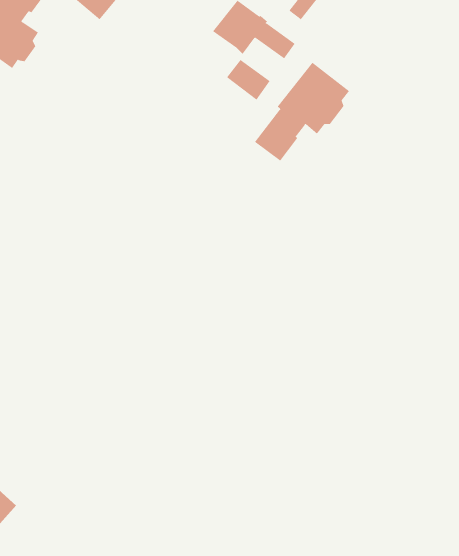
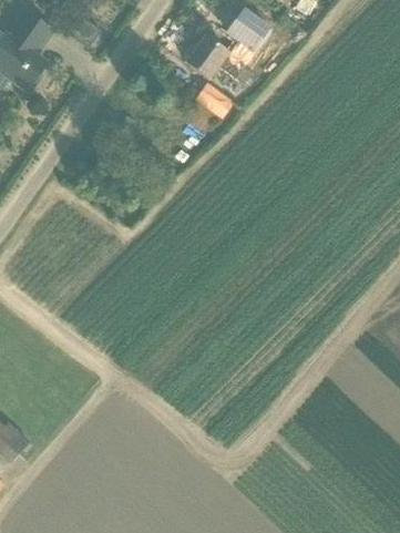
building: [254,62,350,161] -> none

